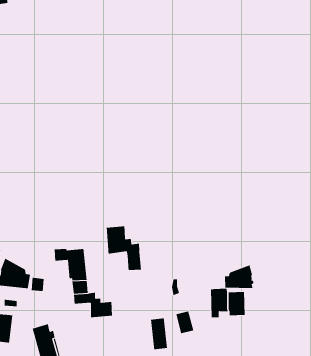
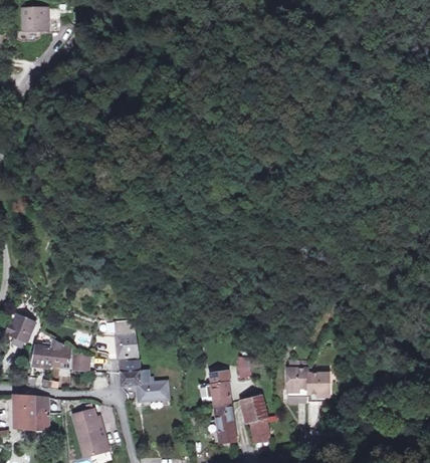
building: [106,226,141,271] -> none
building: [225,265,254,289] -> none
building: none -> [201,369,231,404]
building: none -> [250,417,271,442]

